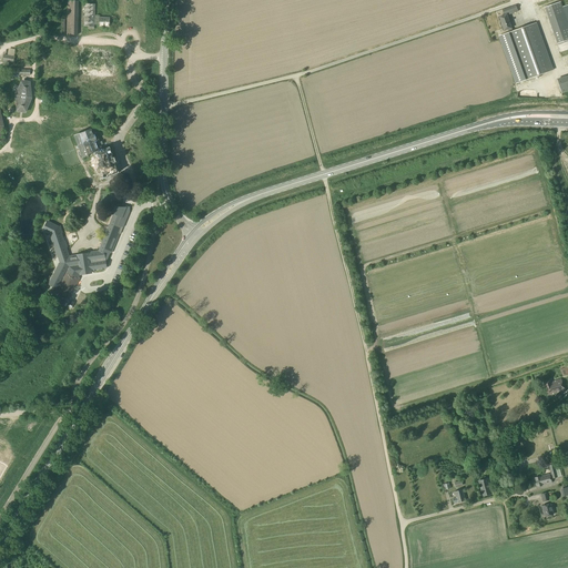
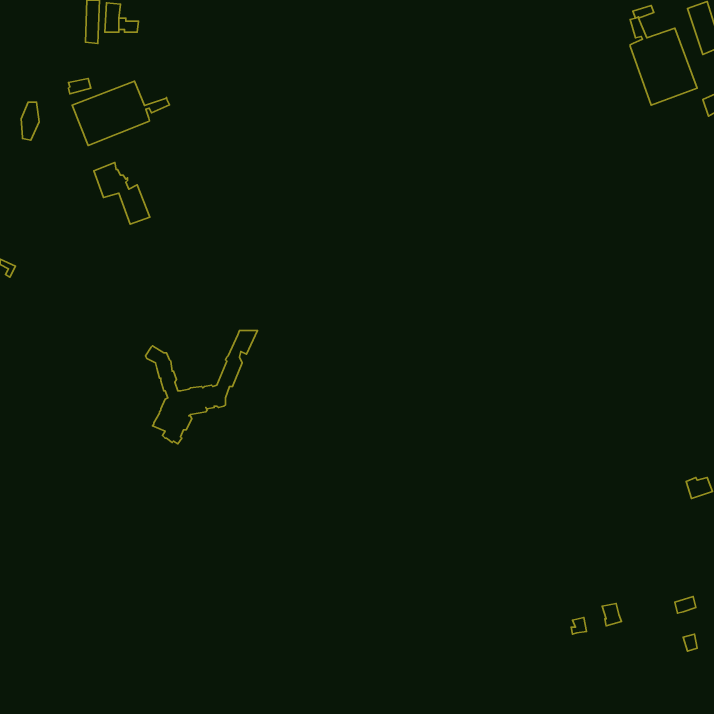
building: none -> [72,81,170,146]
building: [43,207,132,297] -> [146,331,258,444]

